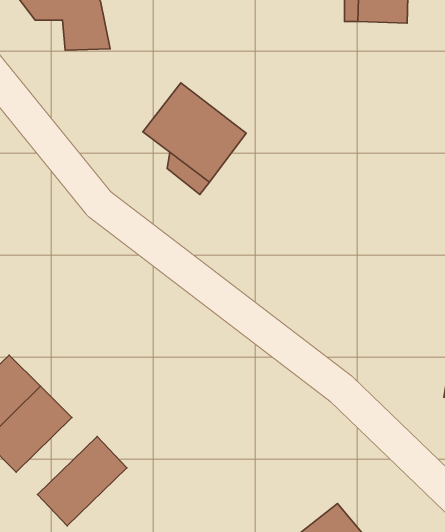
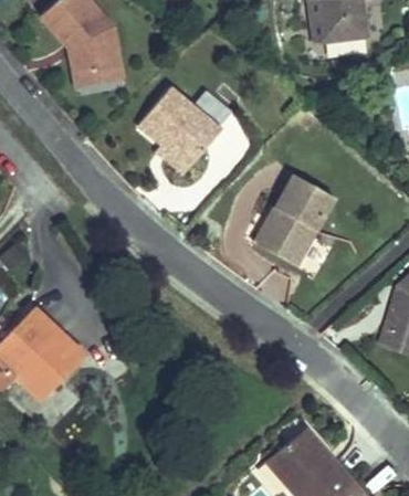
building: none -> [57,39,120,83]
building: none -> [255,172,340,273]
building: [38,437,127,526] -> none

